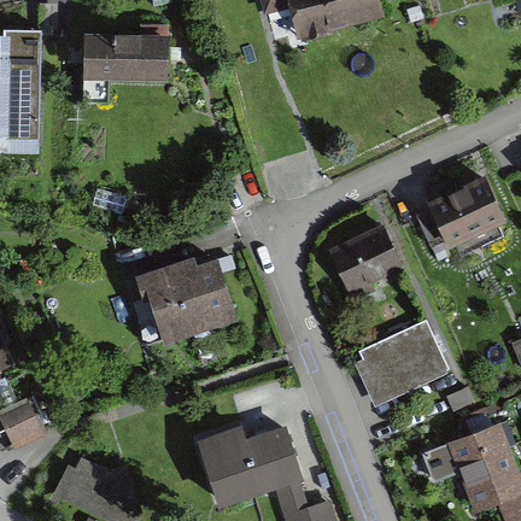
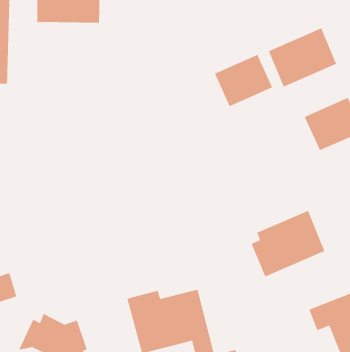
building: none -> [268,28,337,88]
building: [328,228,404,297] -> [214,54,273,107]
building: [131,257,235,346] -> none

